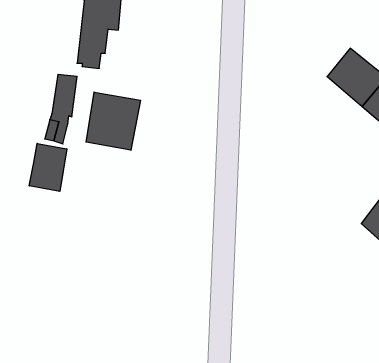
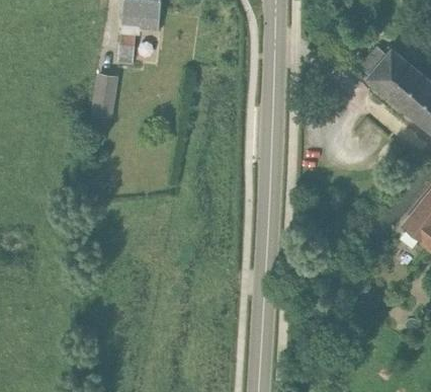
building: [86,92,141,150] -> none
building: [29,143,67,191] -> none

